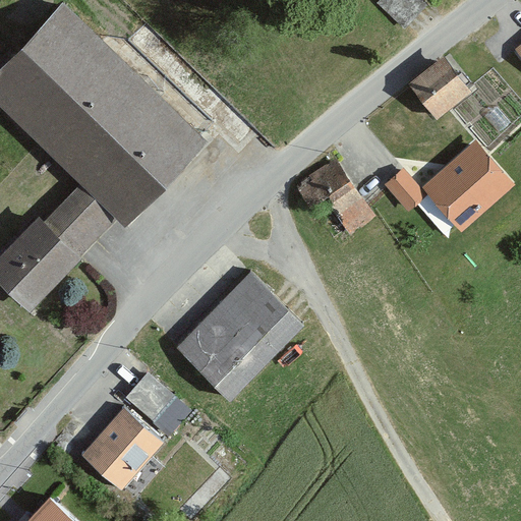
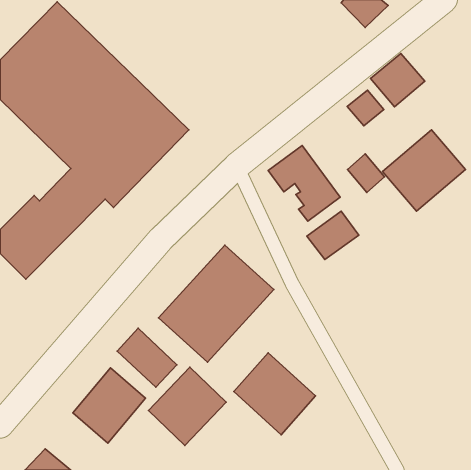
building: none -> [347,90,384,126]
building: none -> [307,211,359,260]
building: none -> [234,353,315,435]
building: none -> [149,367,226,445]

